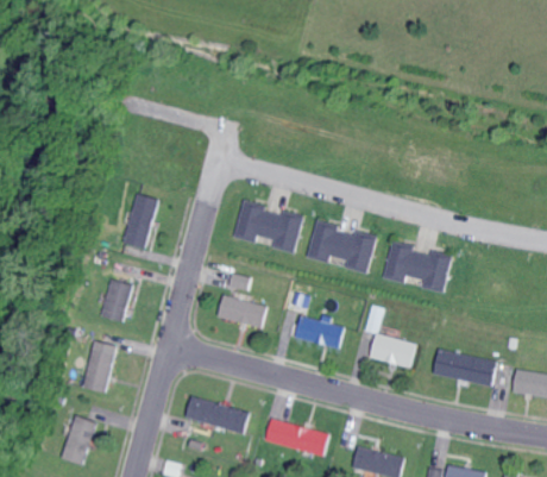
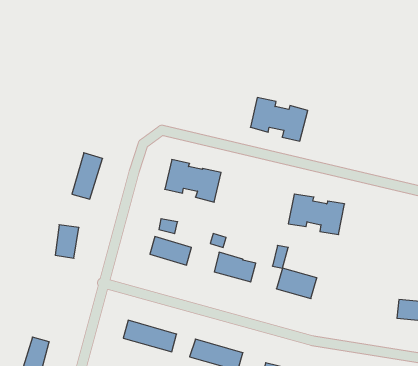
building: [307,220,376,272] -> [250,98,308,141]
building: [81,340,117,393] -> none
building: [432,350,496,384] -> none

